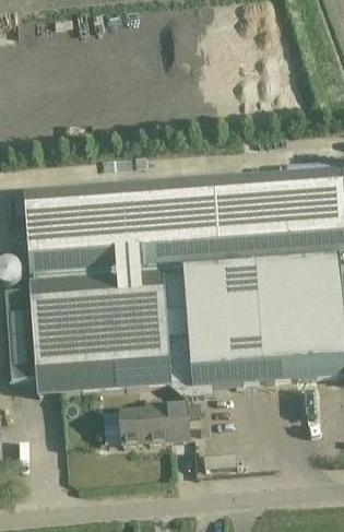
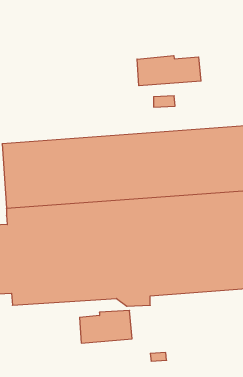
building: none -> [137,56,201,86]

